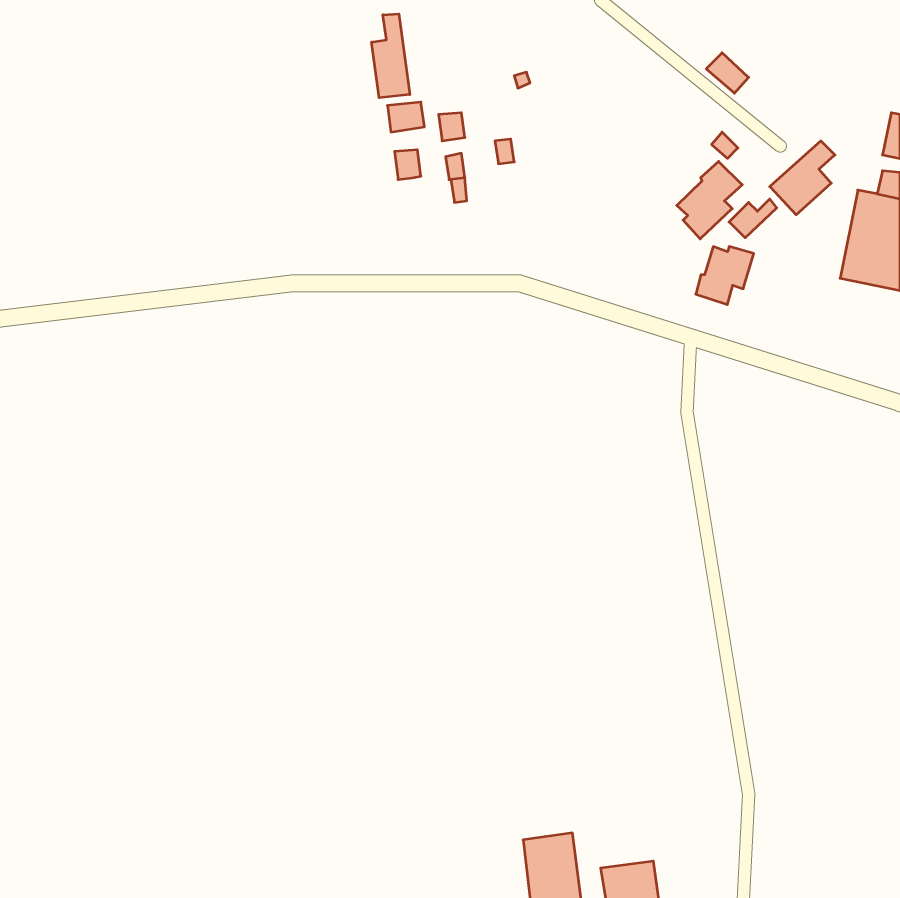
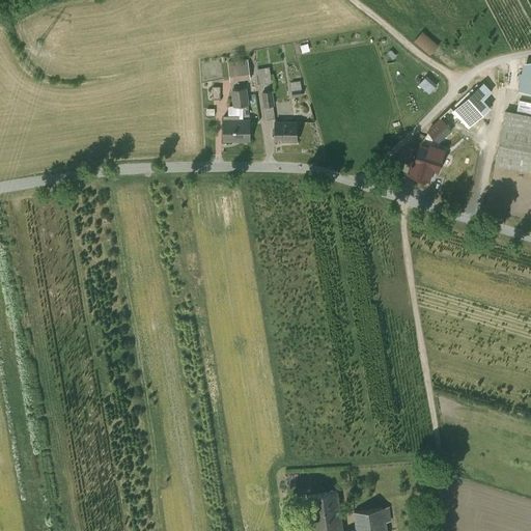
building: [372,14,410,98] -> none
building: [677,161,742,239] -> none
building: none -> [224,116,250,140]
building: none -> [275,122,298,141]

